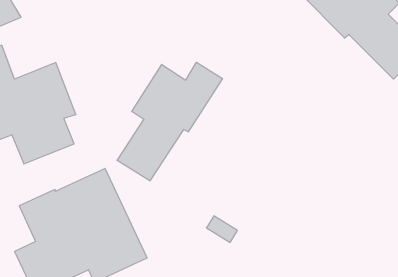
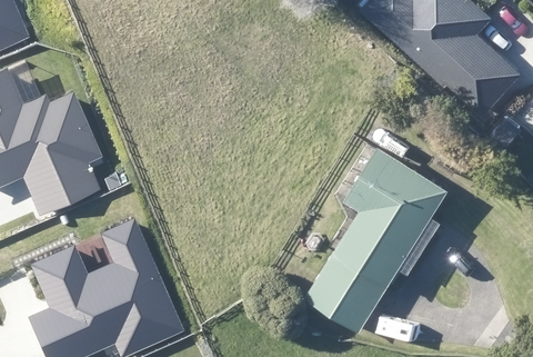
building: [117,62,222,181] -> none
building: none -> [310,142,455,327]

